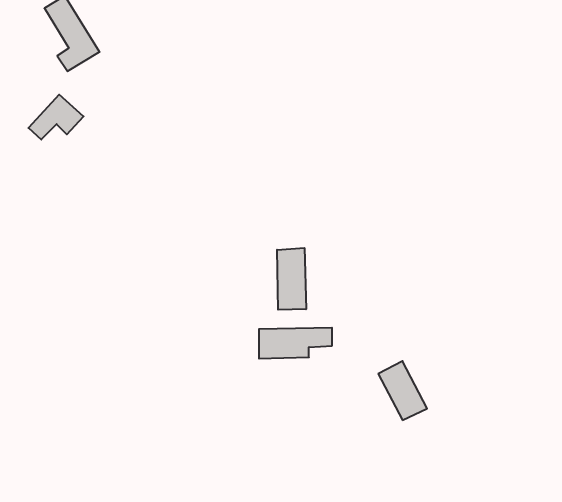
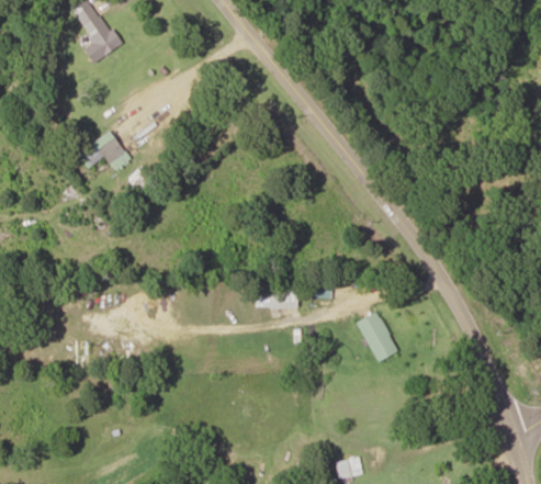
building: [28,95,84,140] -> [78,132,125,170]
building: [277,248,306,310] -> none

